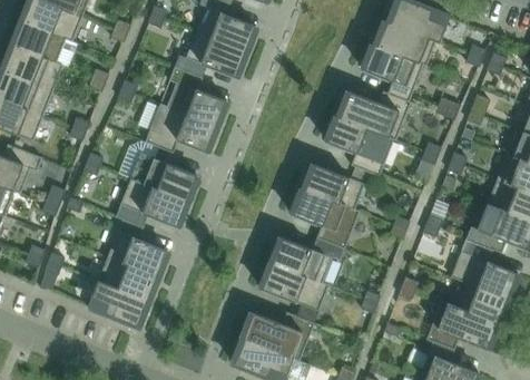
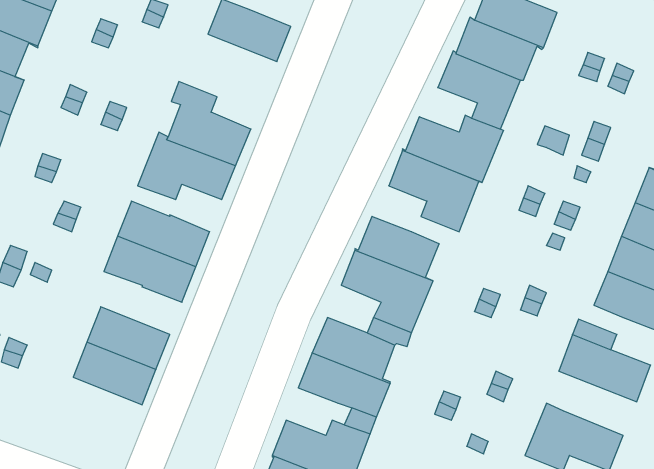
building: [185,31,245,77] -> none
building: [87,281,147,325] -> none
building: [453,282,507,323] -> none

